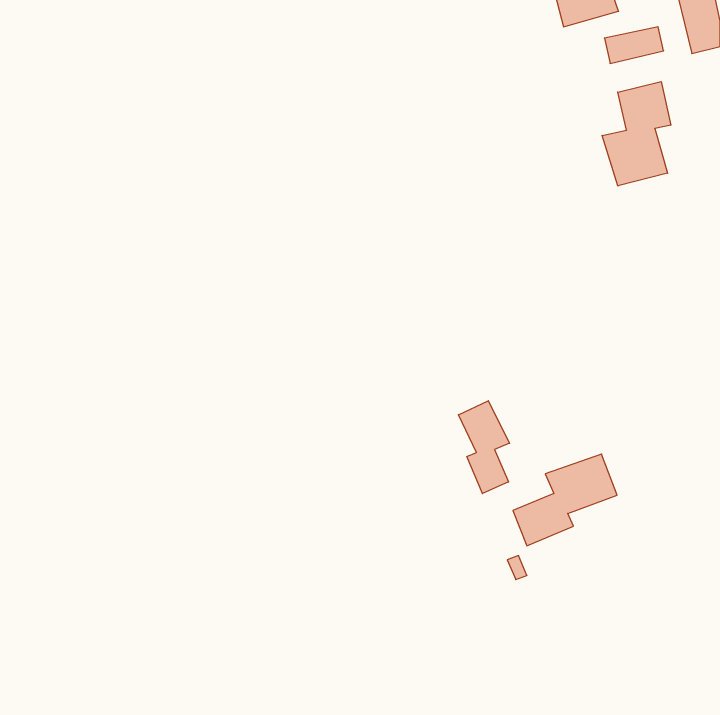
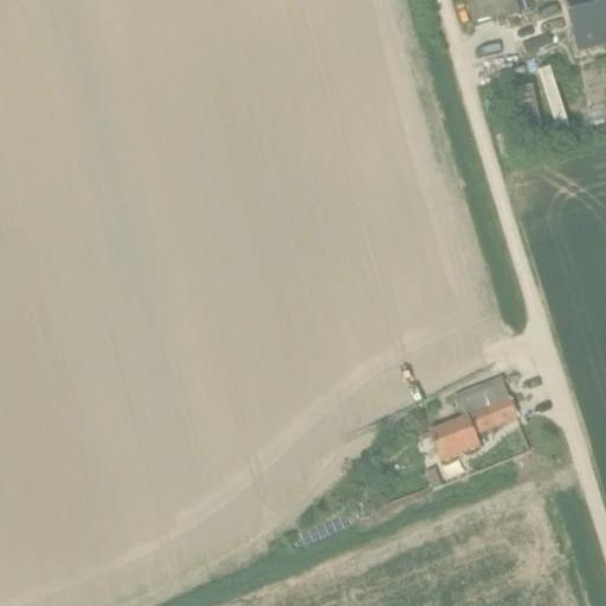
building: [602,82,671,186] -> none
building: [458,401,510,494] -> none

